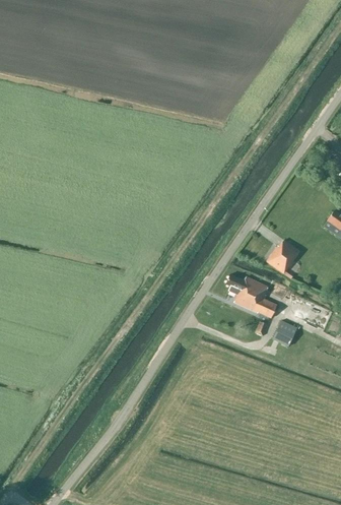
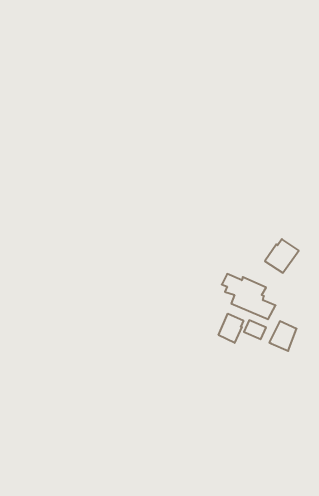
building: none -> [219,314,243,343]

